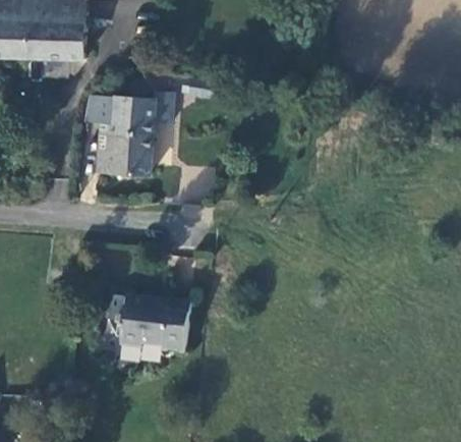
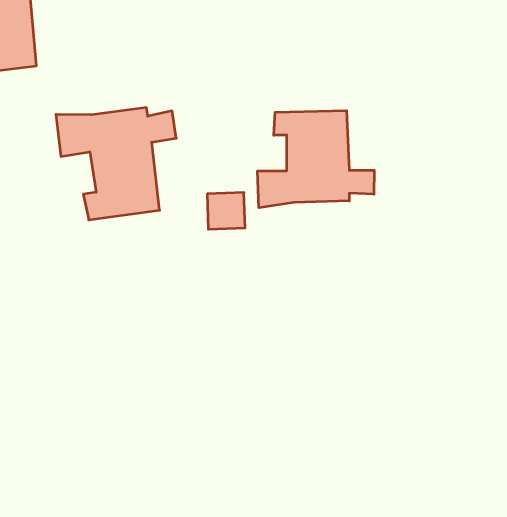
building: none -> [258,111,374,208]
building: [105,294,185,351] -> none

